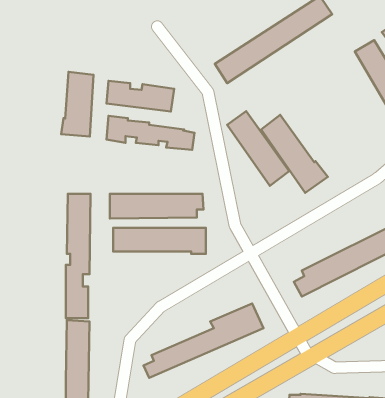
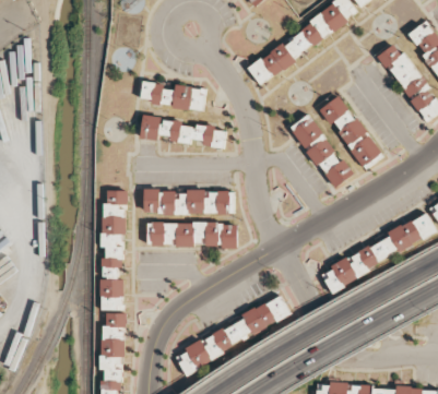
building: [61,72,93,136] -> none
building: [227,111,289,186] -> [320,95,380,167]

